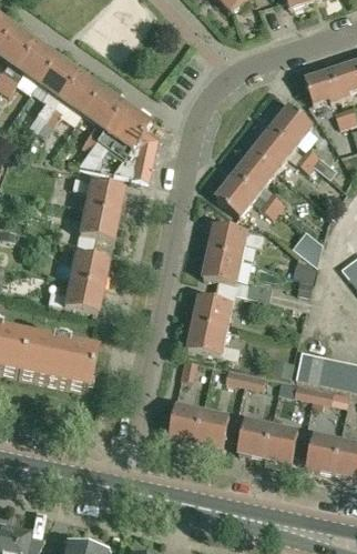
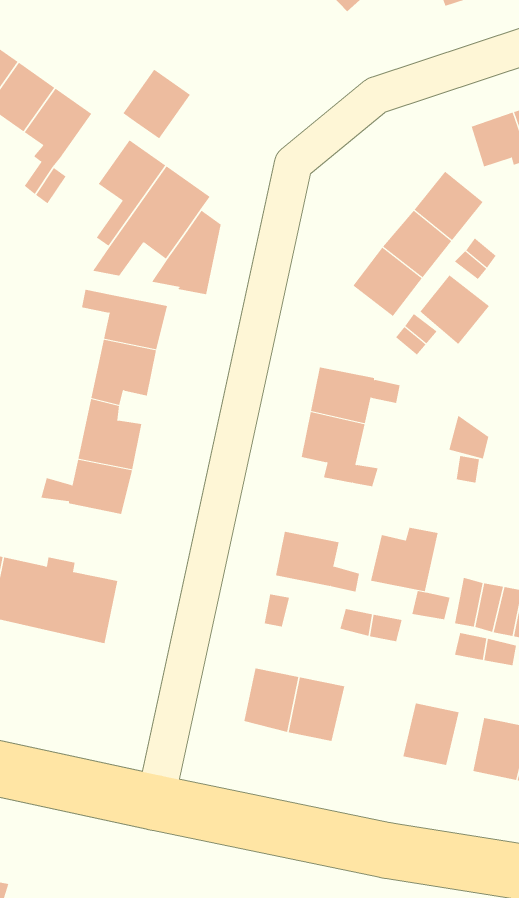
building: [59,70,100,112] -> [123,69,191,139]
building: [216,173,258,215] -> [420,275,490,345]
building: [193,289,234,328] -> [370,527,439,592]
building: [237,417,272,456] -> none

